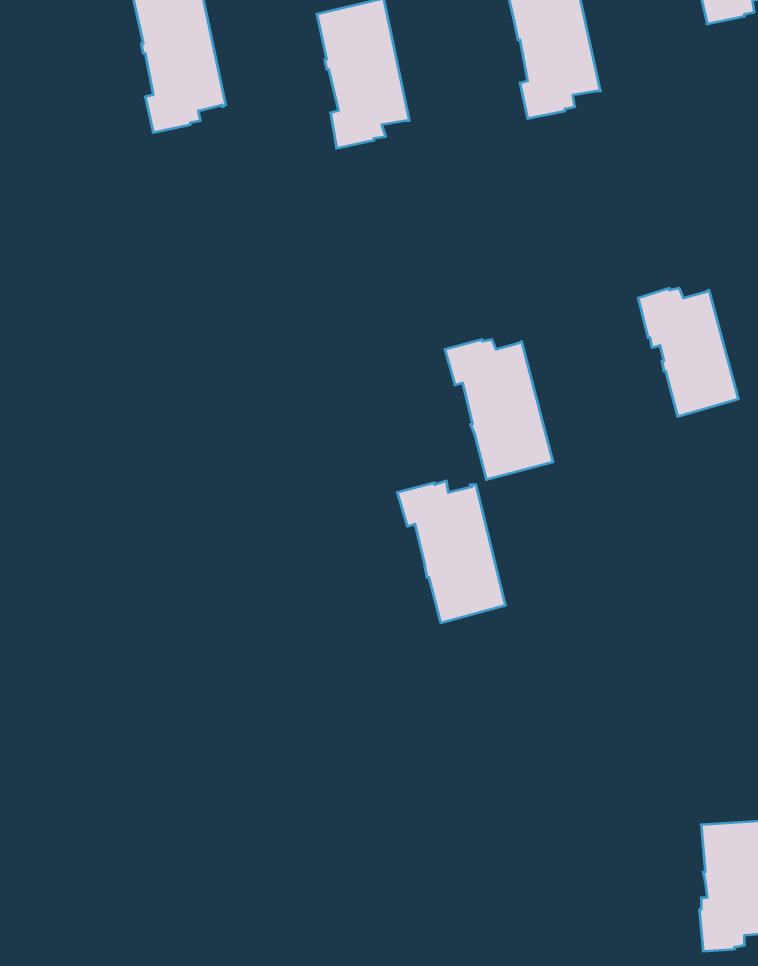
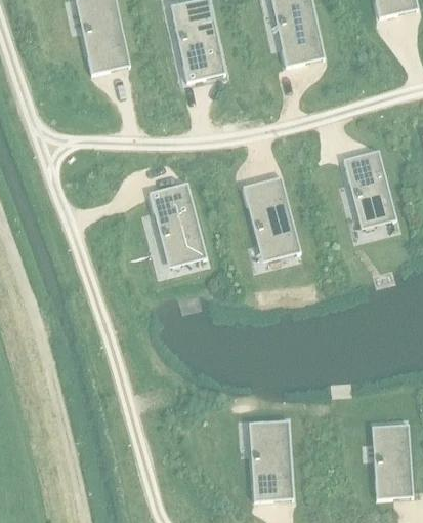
building: [397,481,506,623] -> [146,187,203,260]
building: none -> [251,428,292,501]

